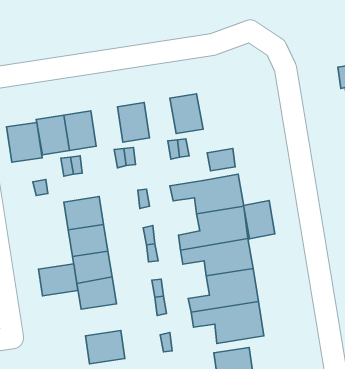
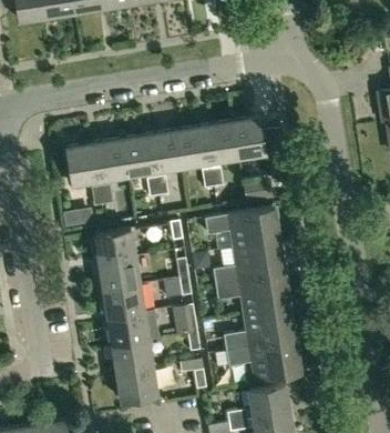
building: none -> [232,118,281,159]
building: none -> [177,127,211,168]
building: none -> [122,135,155,177]
building: [7,122,42,162] -> none
building: [244,200,275,239] -> none
building: [38,264,78,296] -> [112,340,153,373]

